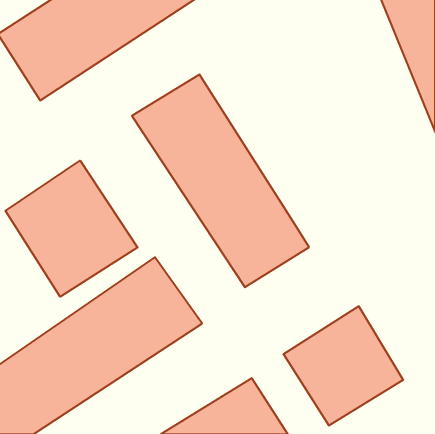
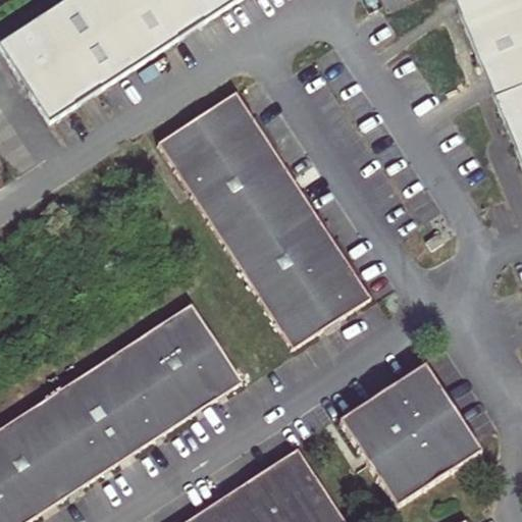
building: [6,161,138,297] -> none

